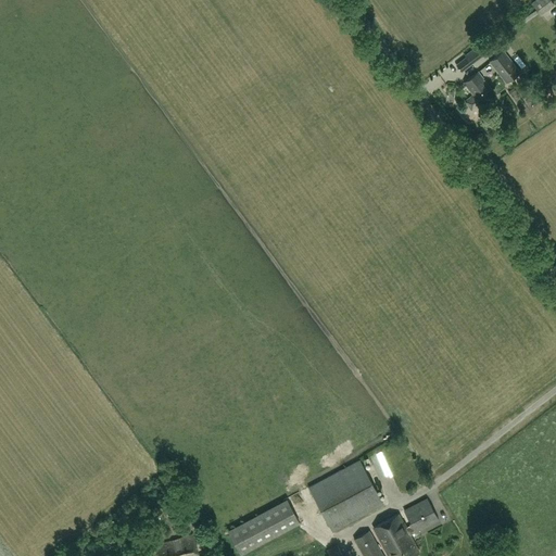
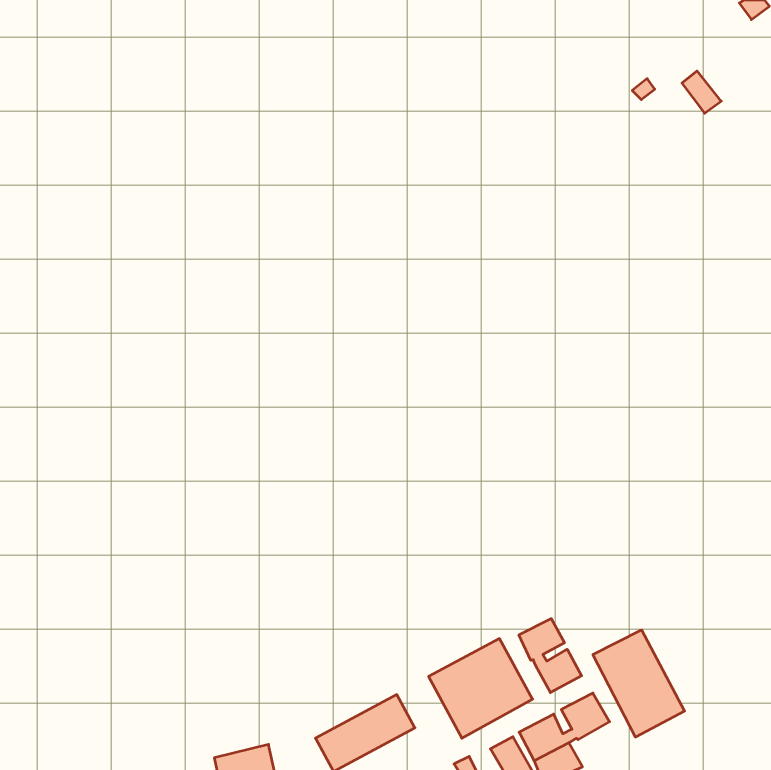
building: [464,73,493,110] -> none
building: none -> [519,619,582,693]
building: none -> [593,630,685,737]

